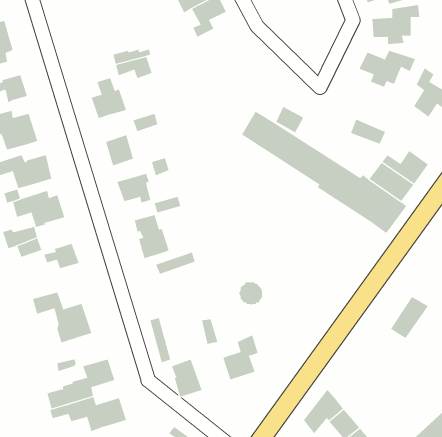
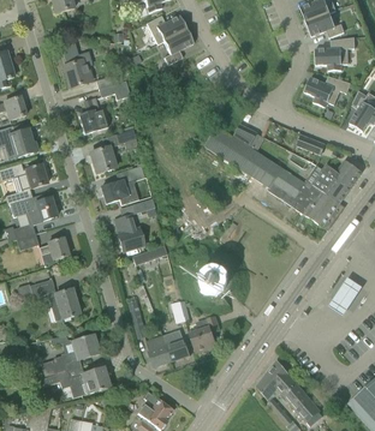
building: none -> [61,43,91,86]
building: none -> [162,329,190,361]

